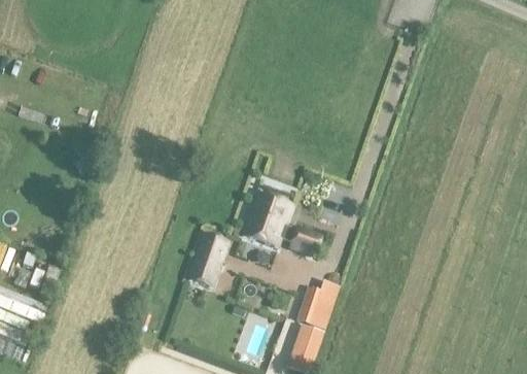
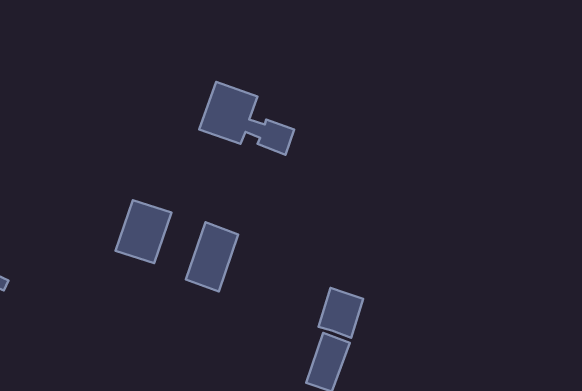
building: [243,190,323,251] -> [199,82,294,155]
building: none -> [116,200,172,263]

